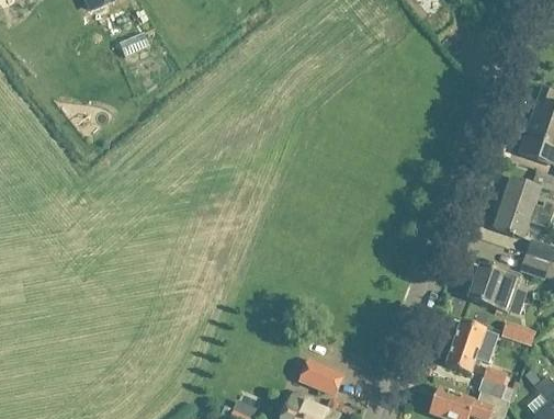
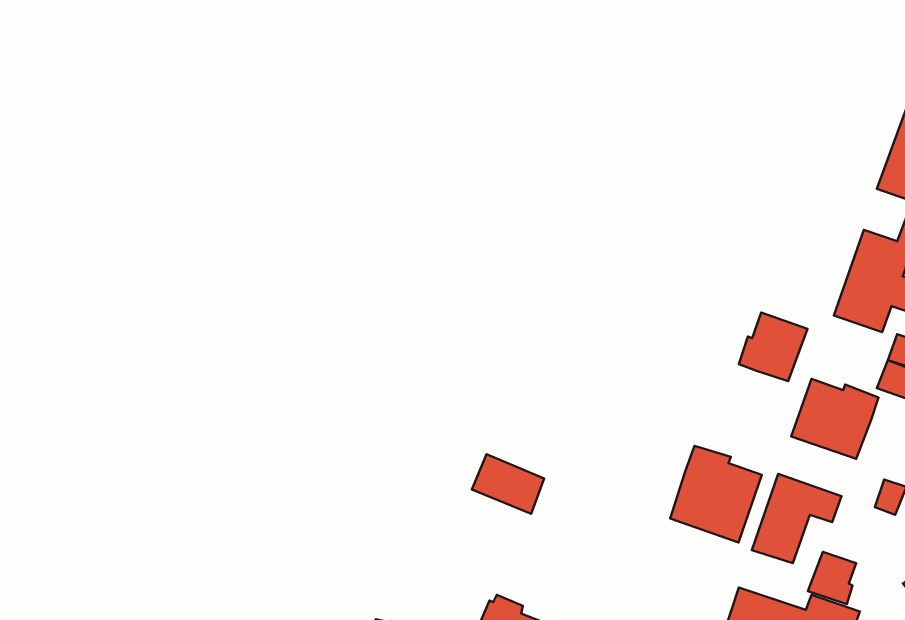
building: none -> [739,312,807,381]
building: none -> [670,446,762,543]
building: [298,358,341,393] -> [472,454,544,514]

